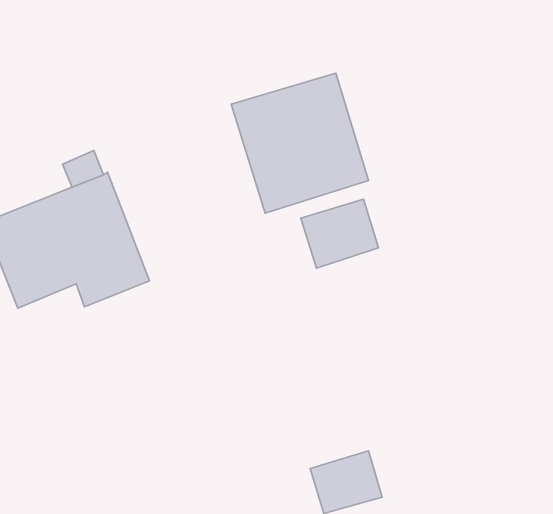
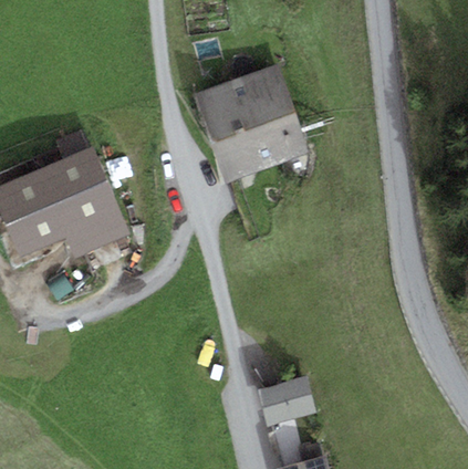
building: [301,199,378,268] -> none

